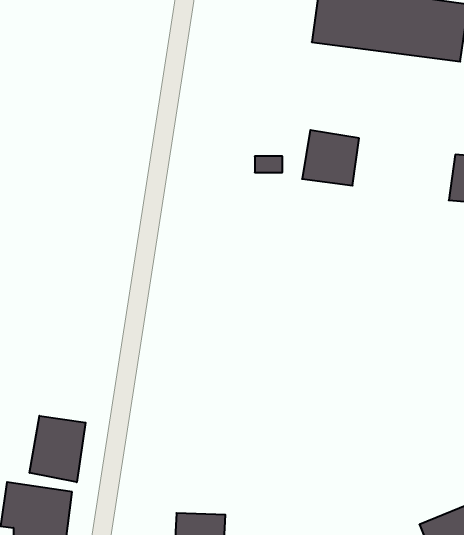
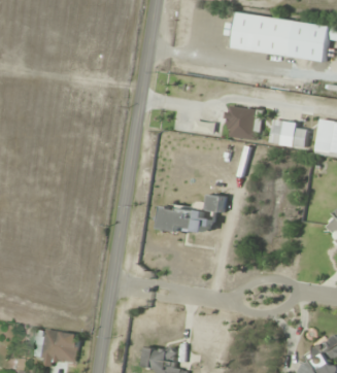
building: none -> [269,125,306,148]
building: none -> [161,195,224,234]
building: [30,416,86,482] -> none

